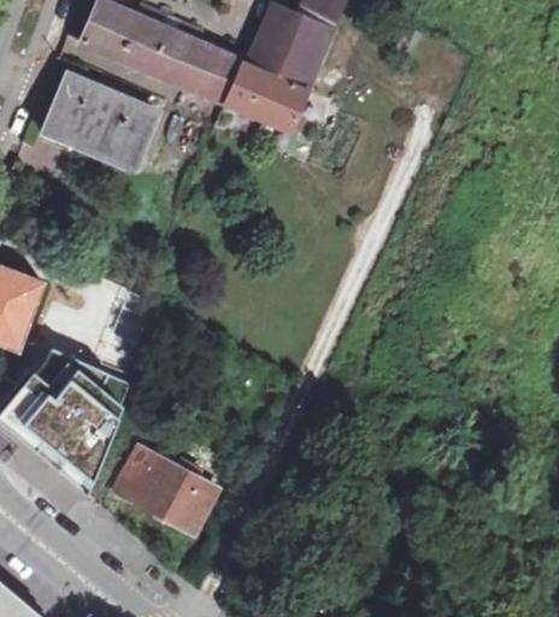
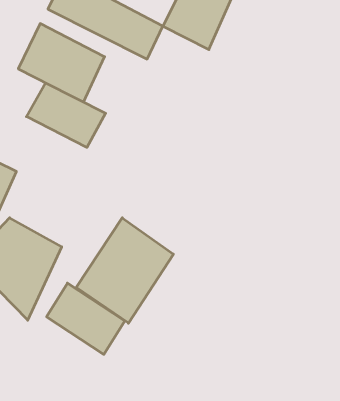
building: [225,58,313,136] -> none
building: none -> [26,83,106,147]
building: none -> [76,218,173,323]

